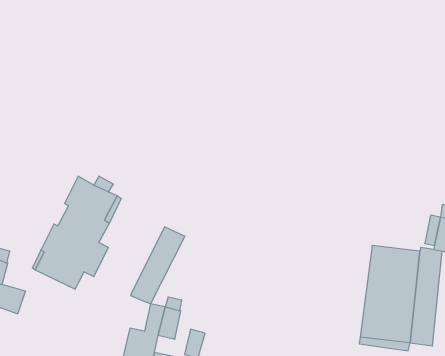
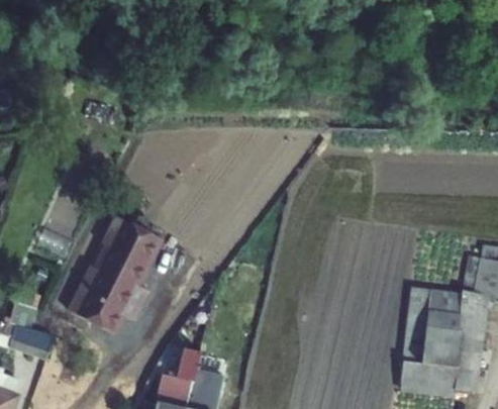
building: [131,227,185,304] -> none

